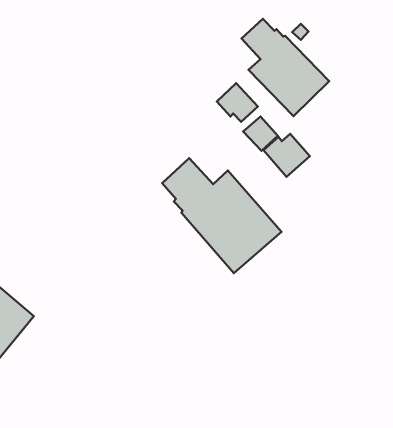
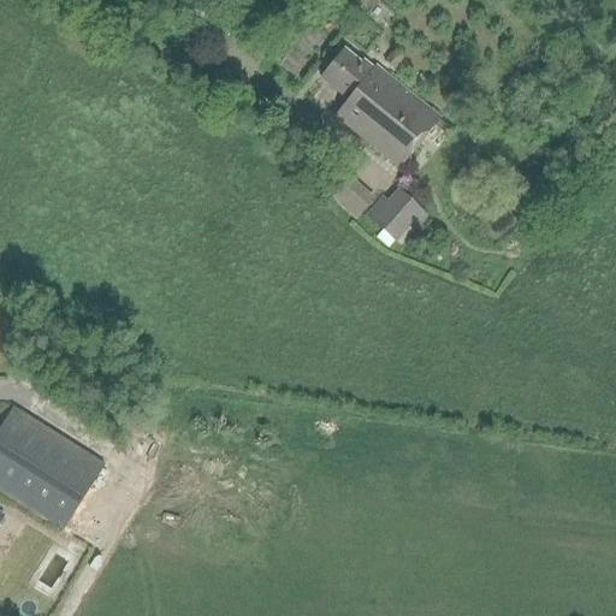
building: [217,83,258,122] -> none
building: [162,158,282,273] -> none

